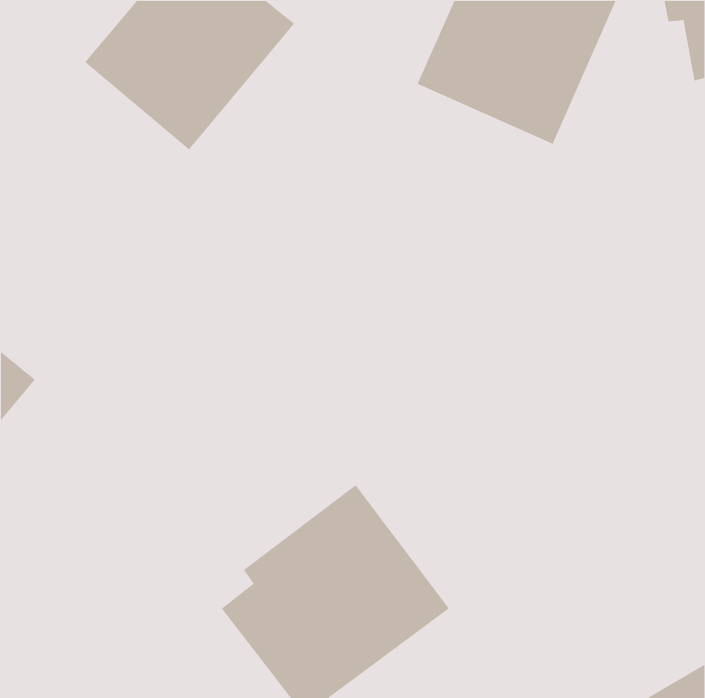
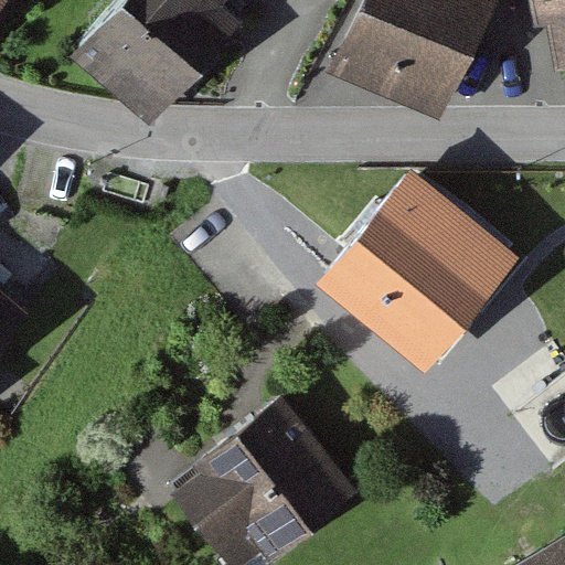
building: none -> [320,169,516,366]

